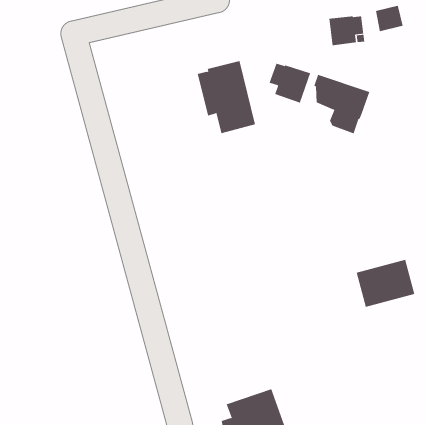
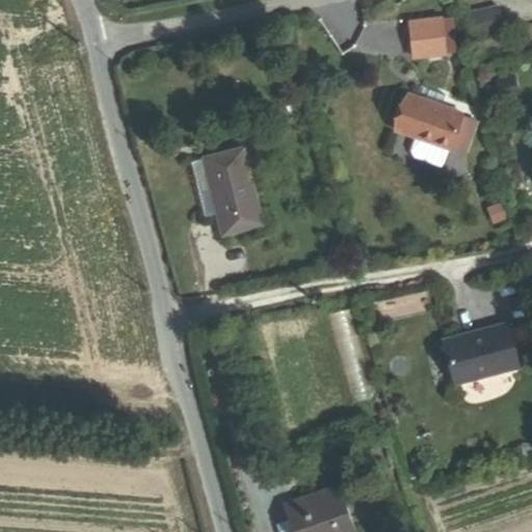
building: [197,60,256,134] -> [190,142,264,234]
building: [269,63,311,104] -> none

